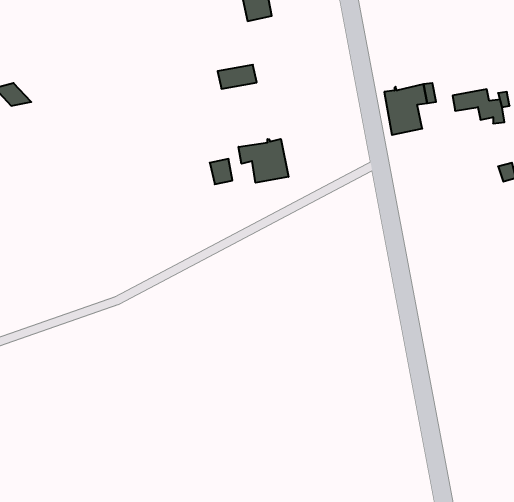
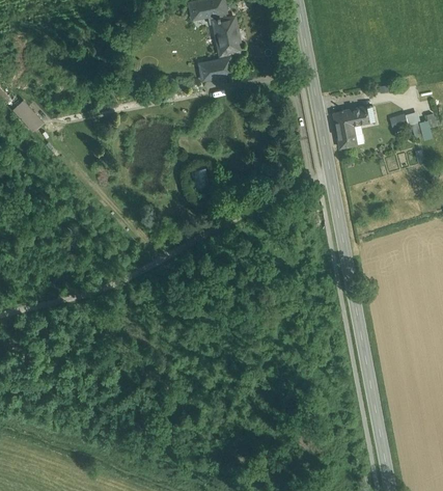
building: [218,65,257,89] -> [199,59,231,79]
building: [239,139,288,183] -> none

